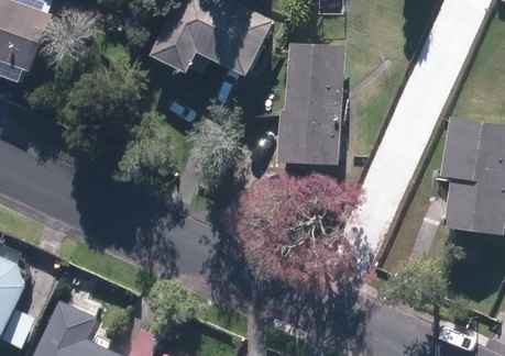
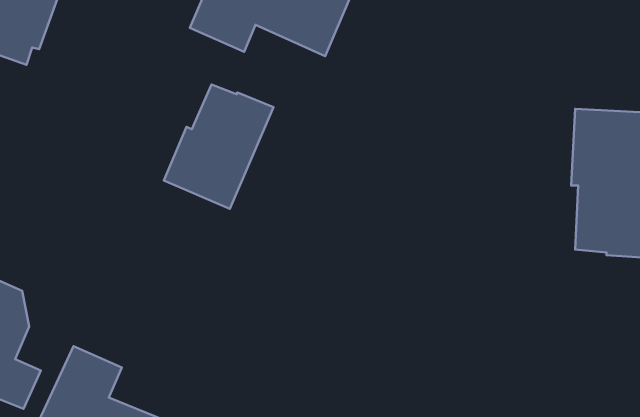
building: [273,44,344,164] -> none
building: none -> [164,85,273,209]

